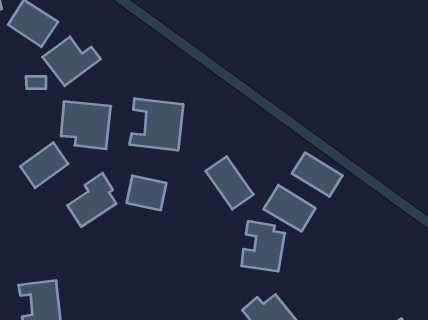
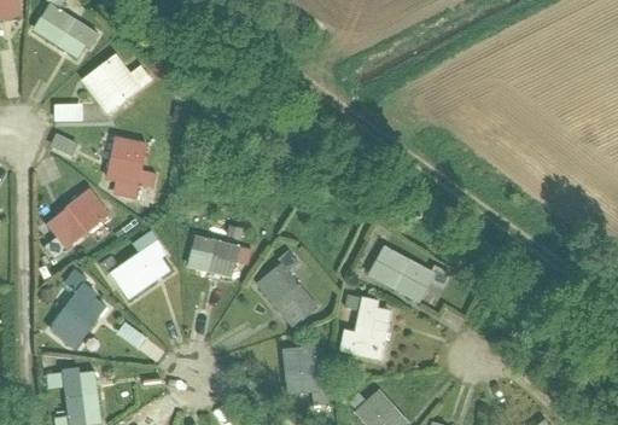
building: [130,98,183,150] -> none
building: [292,153,343,197] -> none
building: [205,156,254,209] -> [253,262,316,331]
building: none -> [52,269,105,345]
building: none -> [279,342,319,390]

